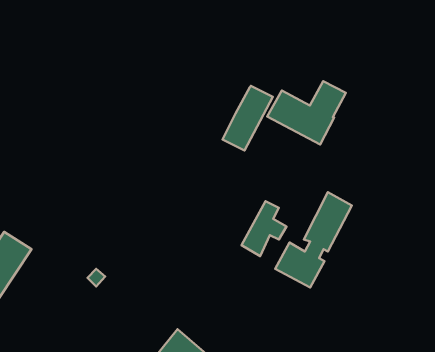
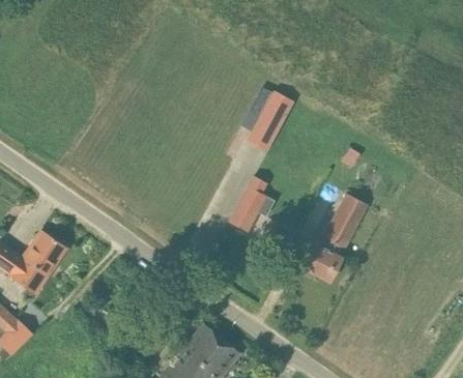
building: [267,81,346,145] -> none
building: [241,201,286,256] -> [231,178,273,230]

